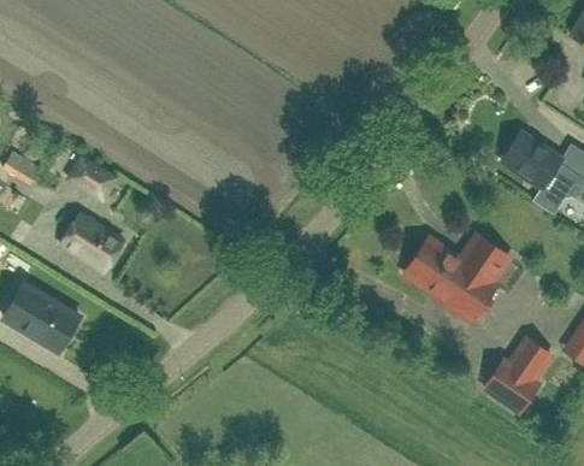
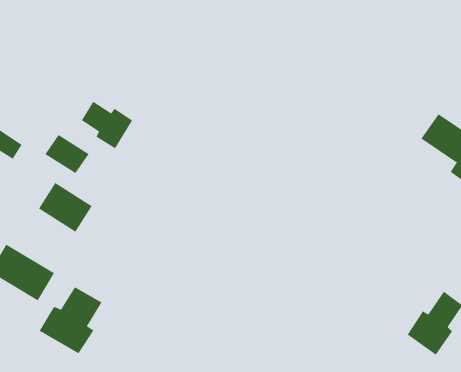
building: none -> [81,101,133,149]
building: [403,236,507,320] -> none
building: none -> [39,287,102,354]

